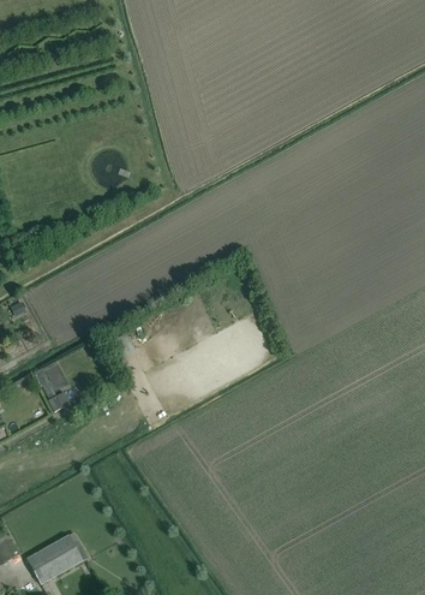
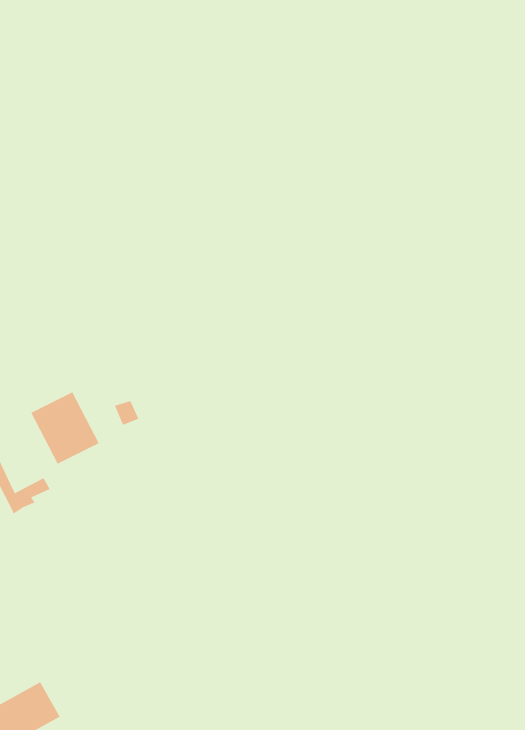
building: none -> [31,391,100,465]

